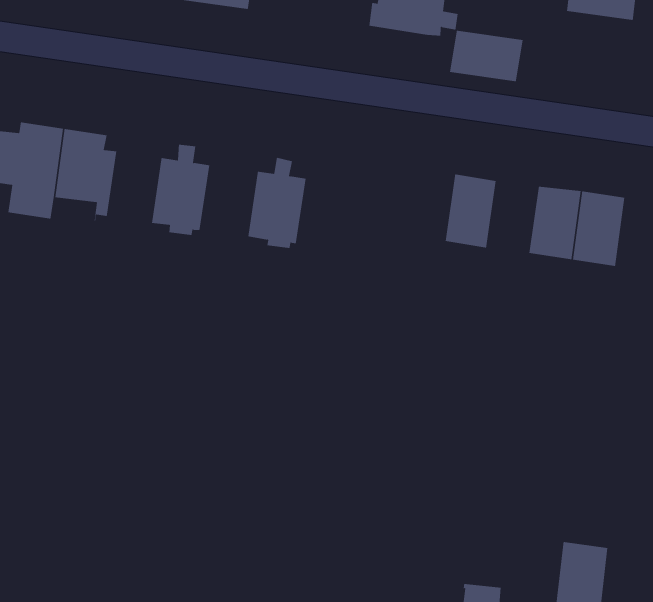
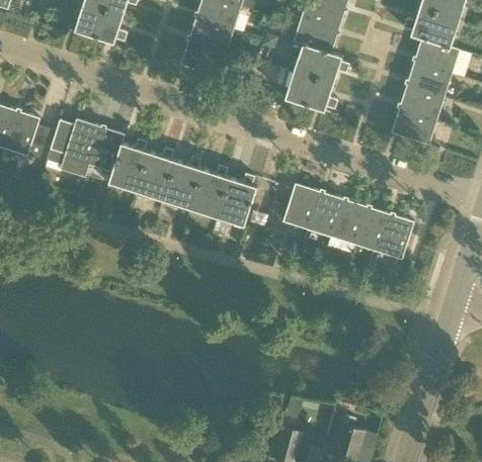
building: [449,30,523,82] -> [390,110,435,146]
building: none -> [115,140,152,192]
building: none -> [167,157,206,209]
building: none -> [221,174,256,227]
building: none -> [282,185,318,229]
building: none -> [329,200,365,245]

